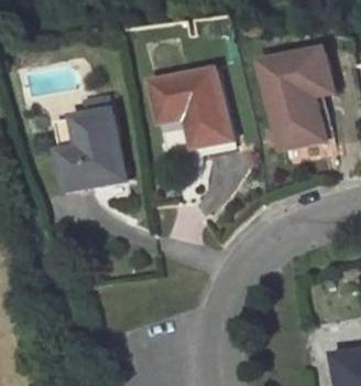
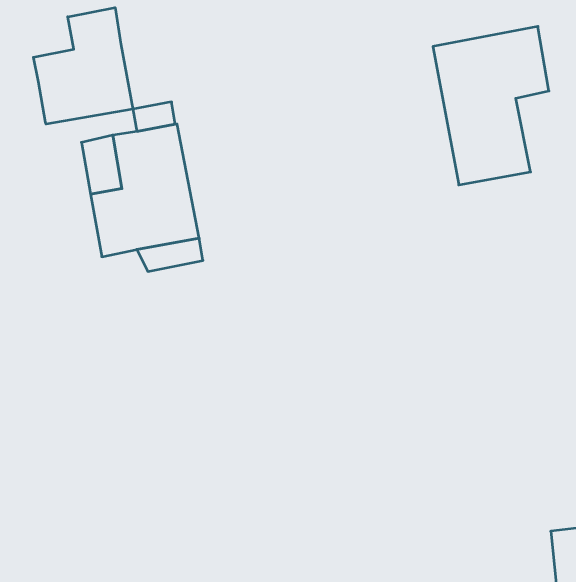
building: none -> [33,8,133,124]
building: [152,71,230,147] -> none

